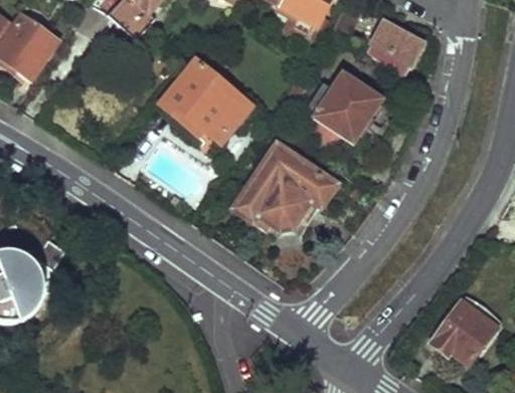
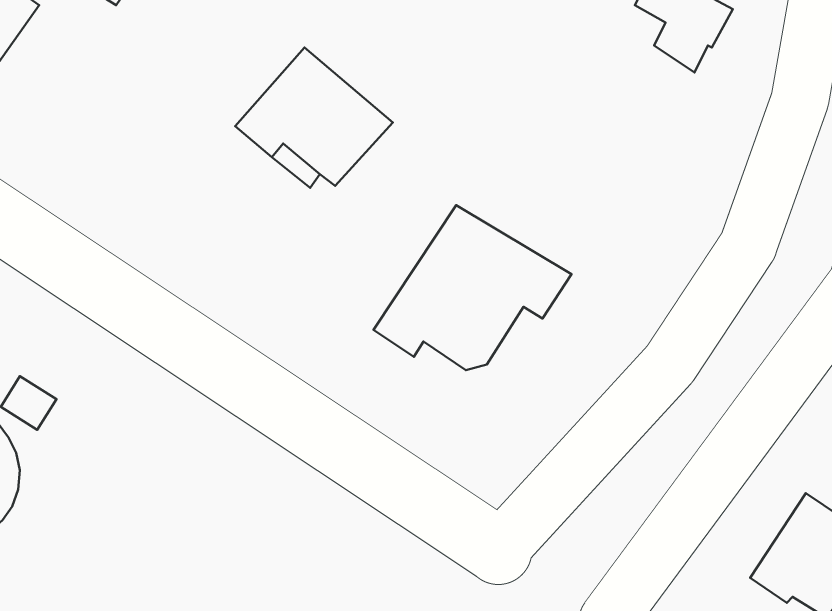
building: [307,75,380,145] -> none

